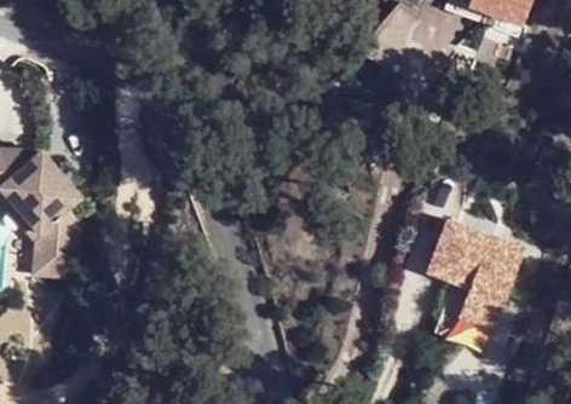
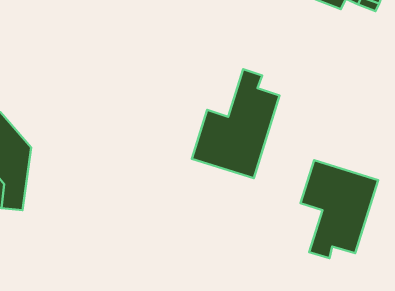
building: none -> [192,69,279,178]

